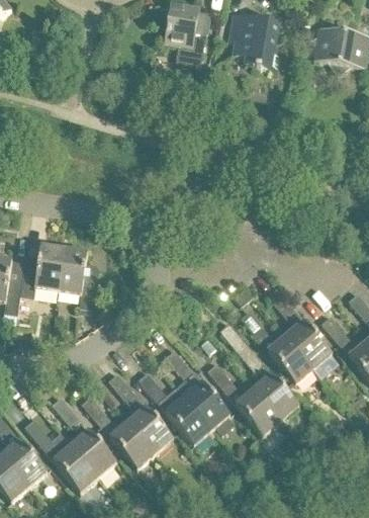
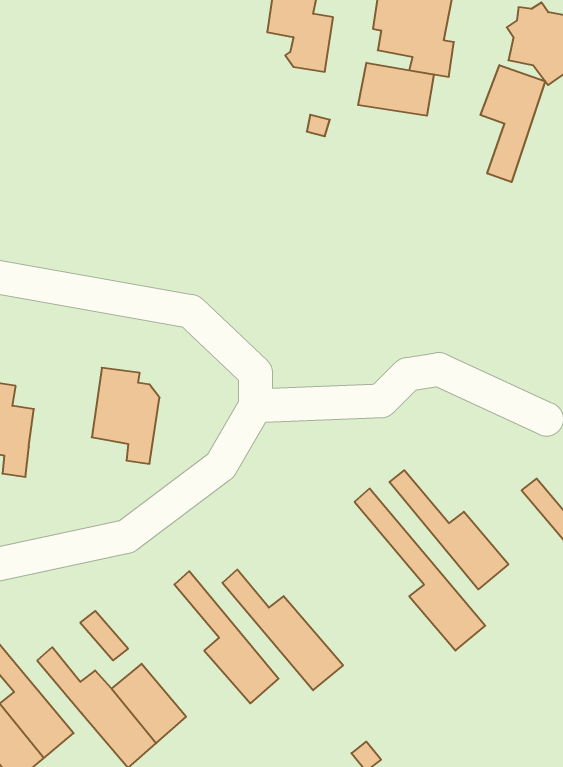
building: none -> [358,63,434,116]
building: none -> [480,65,545,182]
building: [19,244,64,296] -> none
building: [266,286,338,376] -> none
building: [165,348,229,429] -> none
building: [206,361,280,435] -> none
building: [81,395,155,467] -> none

